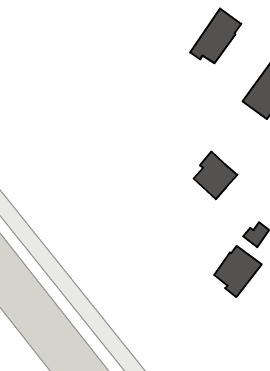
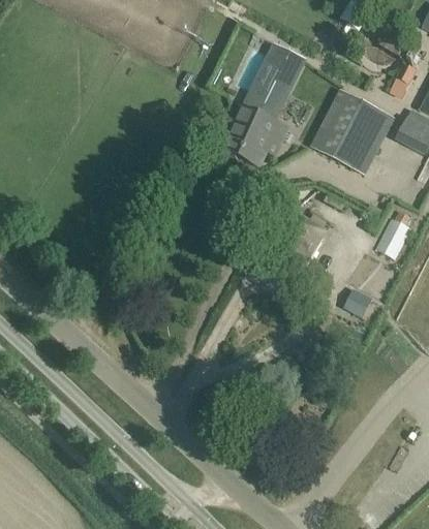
building: none -> [224,105,288,164]
building: [214,246,262,297] -> none

